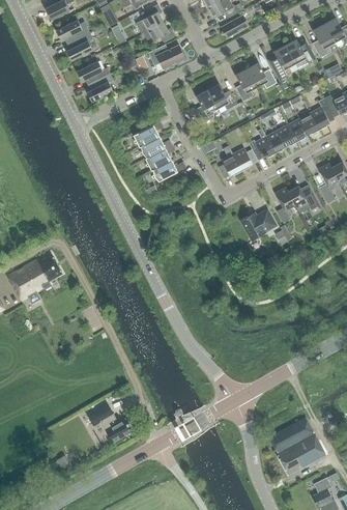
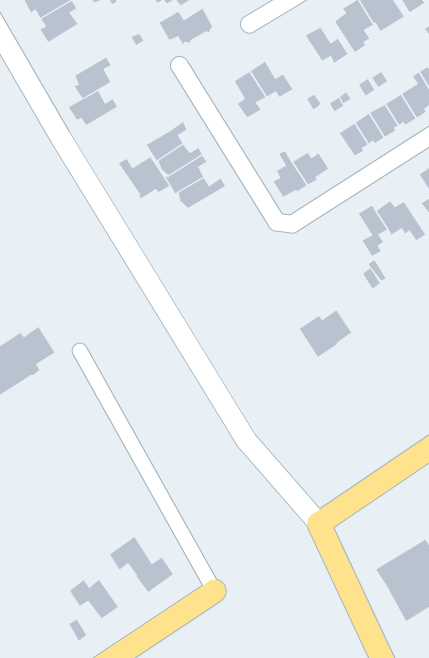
building: [76,60,110,84] -> [68,90,118,126]
building: [235,67,259,101] -> none
building: [248,128,274,160] -> none
building: none -> [118,156,170,199]
building: [239,208,276,240] -> [299,309,352,358]
building: none -> [69,579,119,619]

